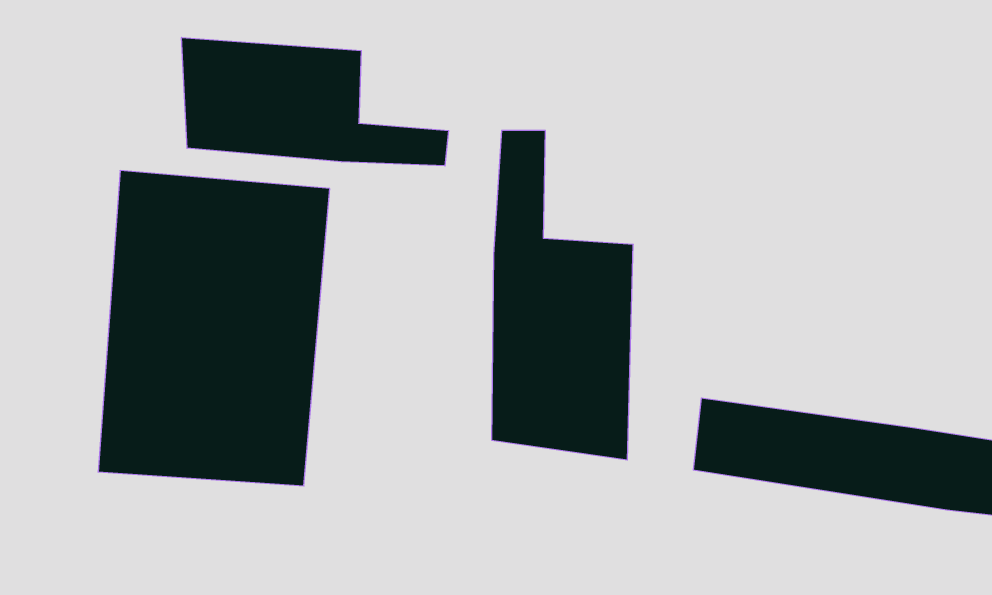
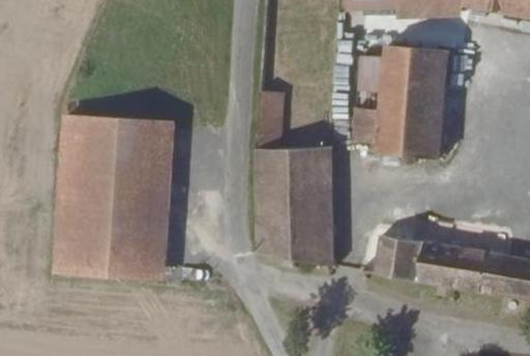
building: [182,37,449,166] -> none
building: none -> [355,47,455,156]

